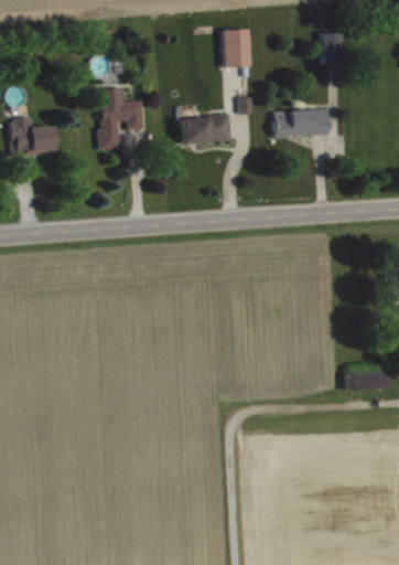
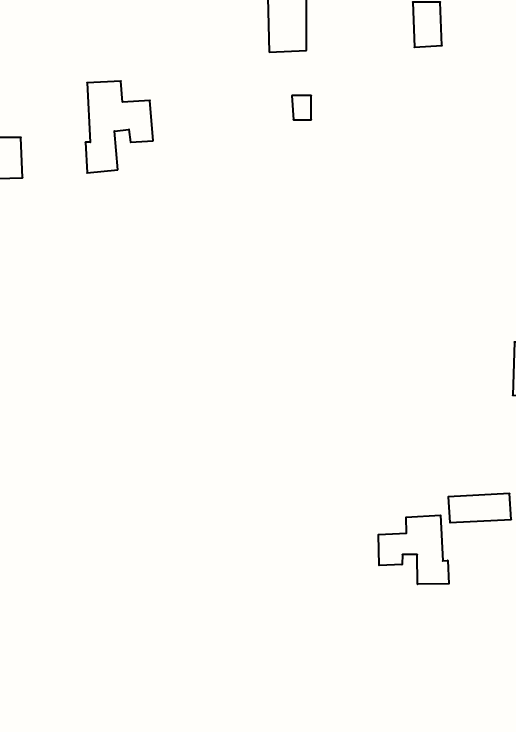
building: [273,109,328,137] -> none
building: [181,116,230,142] -> none
building: none -> [378,515,449,584]

